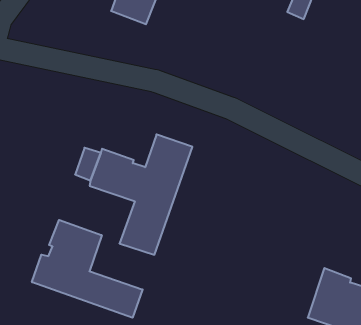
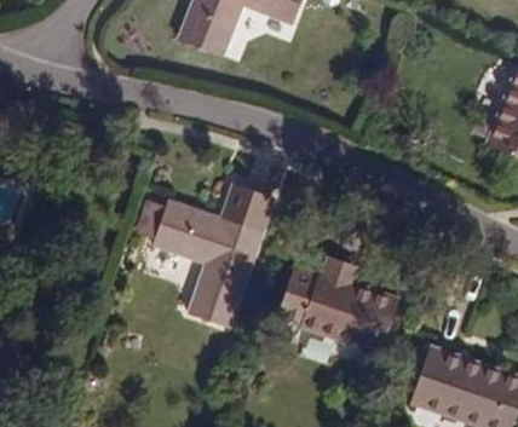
building: none -> [277,255,397,350]
building: [32,220,143,318] -> none

